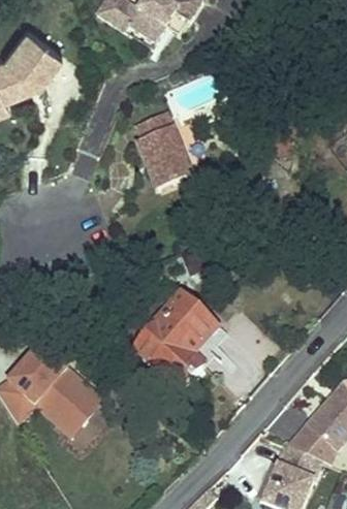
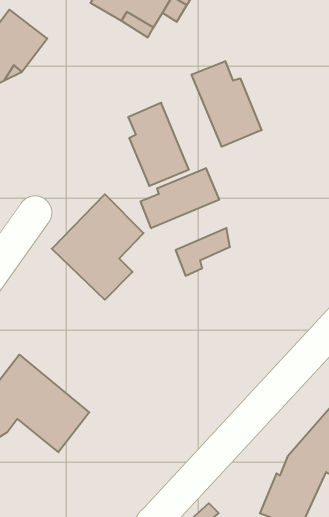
building: none -> [192,61,262,147]
building: none -> [141,168,219,228]
building: [134,291,220,389] -> [52,194,144,300]

